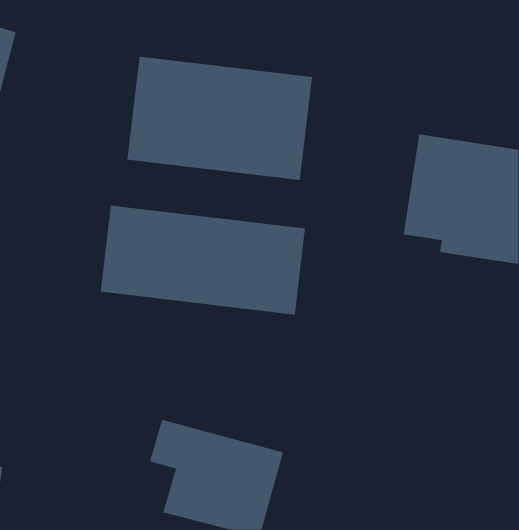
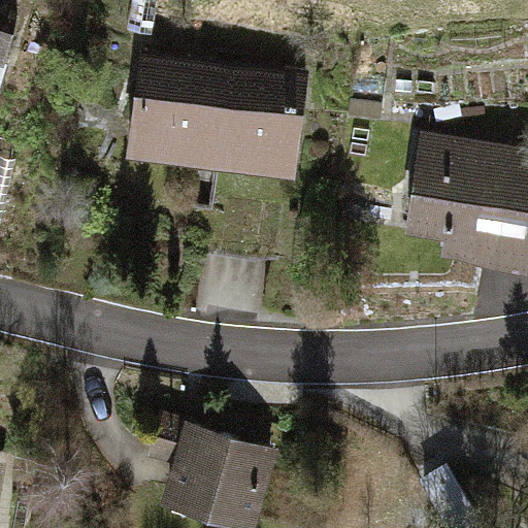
building: [100,205,306,315] -> none

